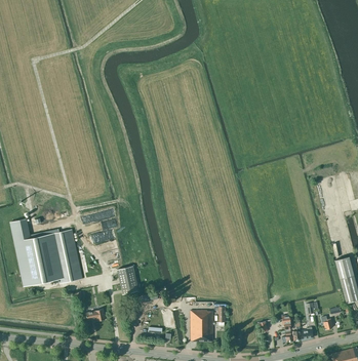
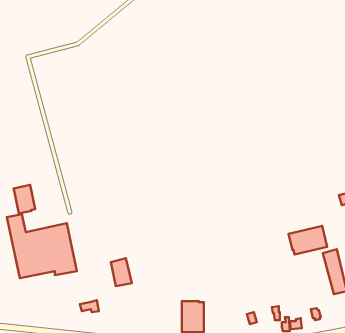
building: none -> [14,185,35,213]
building: none -> [289,226,327,255]

